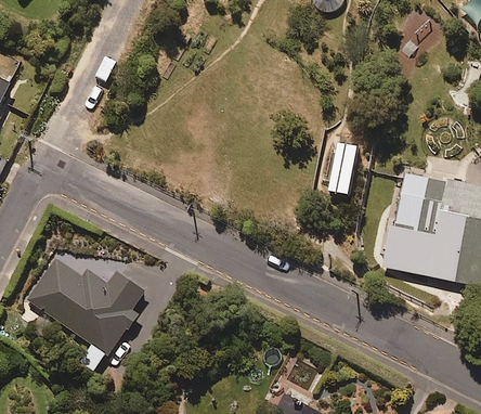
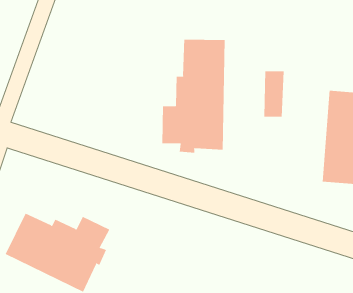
building: none -> [162,39,225,153]

